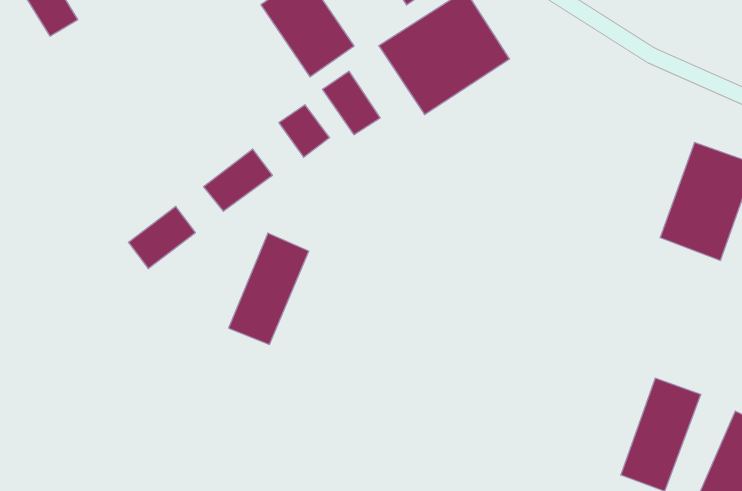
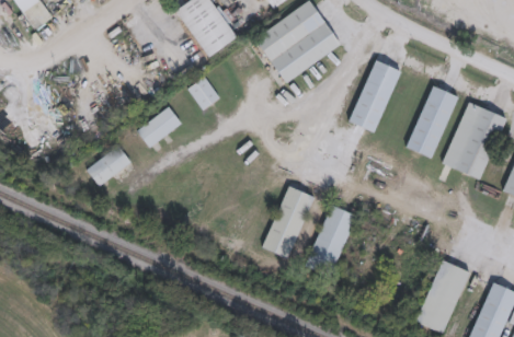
building: [323,71,380,135] -> none
building: none -> [350,58,401,132]
building: none -> [407,84,459,158]
building: [229,233,309,344] -> [262,184,316,258]
building: none -> [306,204,357,277]

